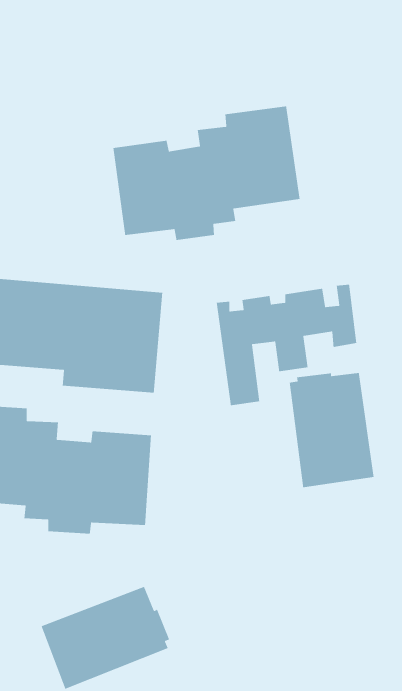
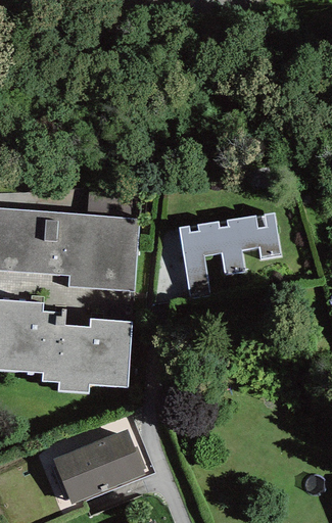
building: [113,106,300,241] -> none
building: [289,372,375,488] -> none

